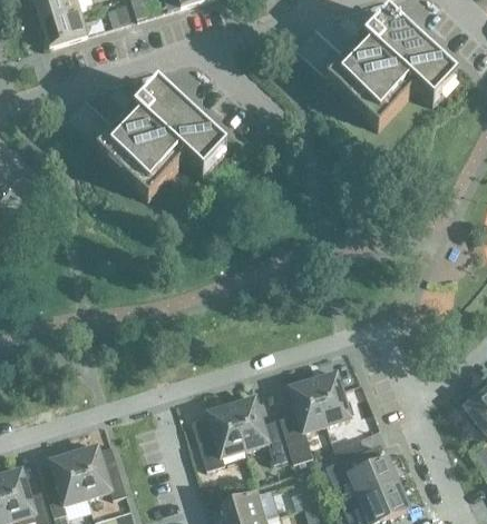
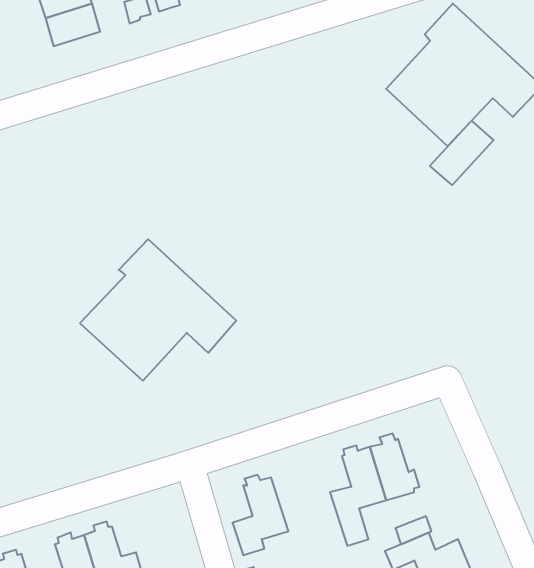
building: [96,79,226,197] -> [80,239,236,381]
building: none -> [430,121,494,185]
building: [231,392,288,461] -> none

